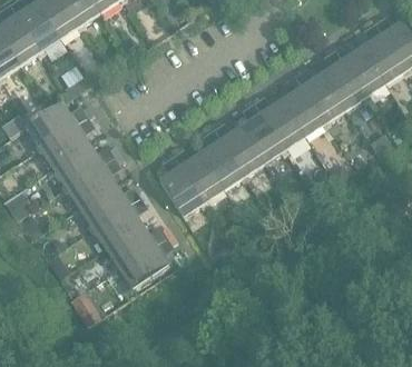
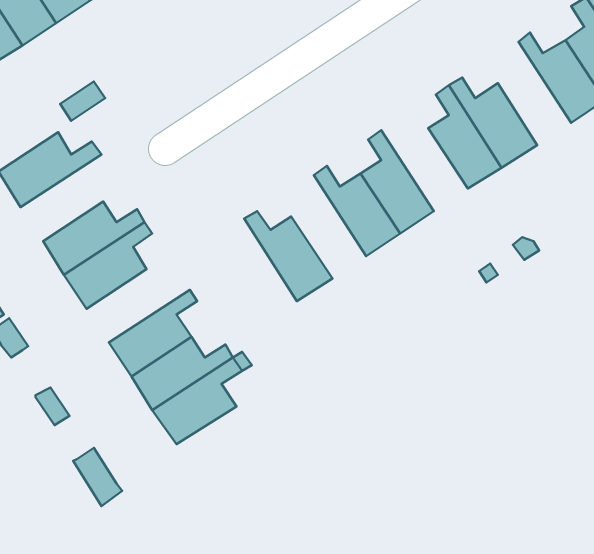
building: [323,48,366,109] -> none
building: [254,96,305,148] -> none
building: [40,115,92,166] -> none
building: [200,127,245,188] -> none
building: [159,152,204,215] -> none
building: [79,182,140,226] -> none

